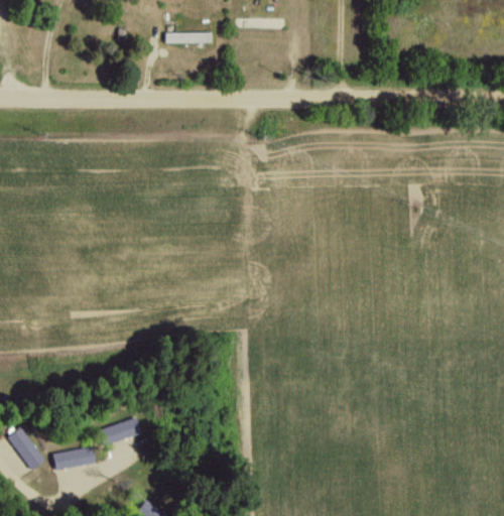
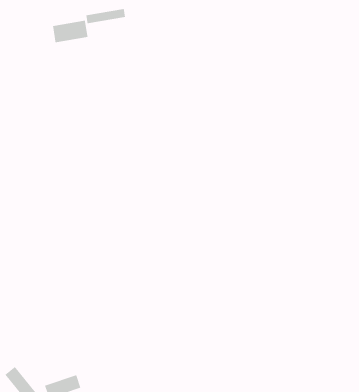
building: none -> [52,20,88,43]
building: [99,416,142,445] -> none

